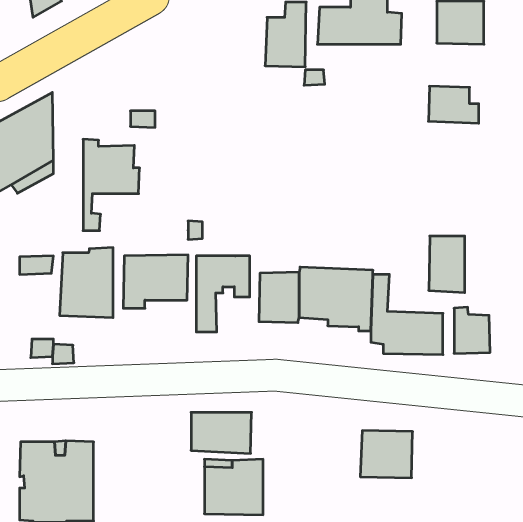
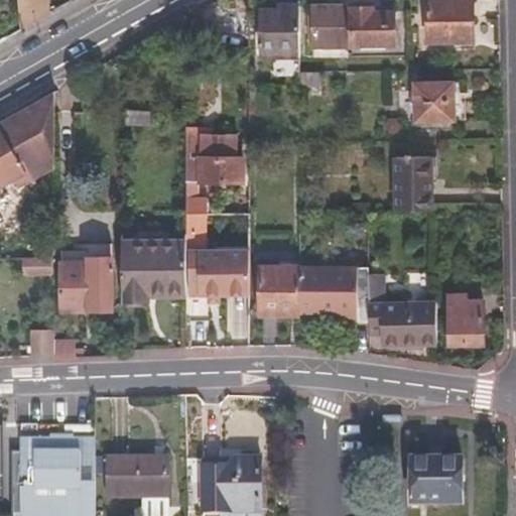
building: [83,139,140,231] -> [184,122,240,212]
building: [429,236,465,293] -> [397,160,432,216]
building: [191,412,252,453] -> [105,457,164,497]
building: [360,431,413,478] -> [408,461,460,507]

